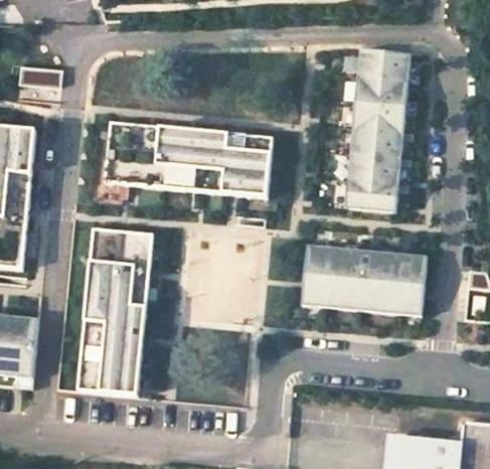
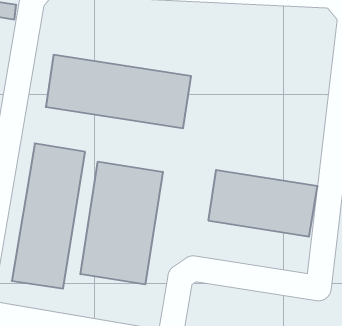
building: [345,48,419,211] -> none
building: none -> [80,162,163,284]

